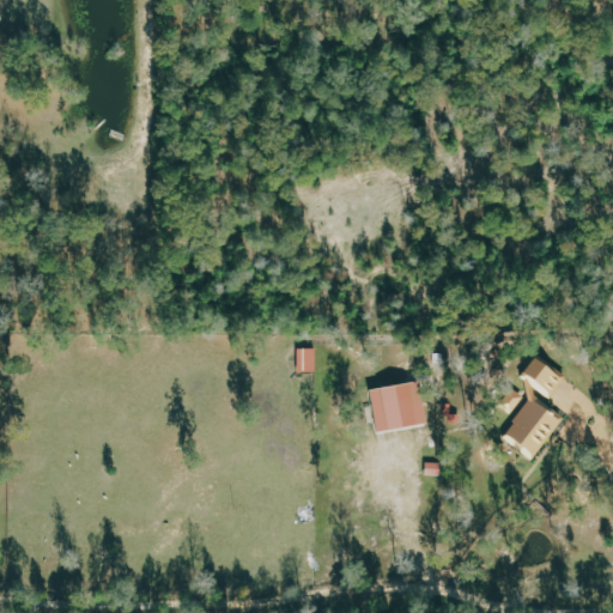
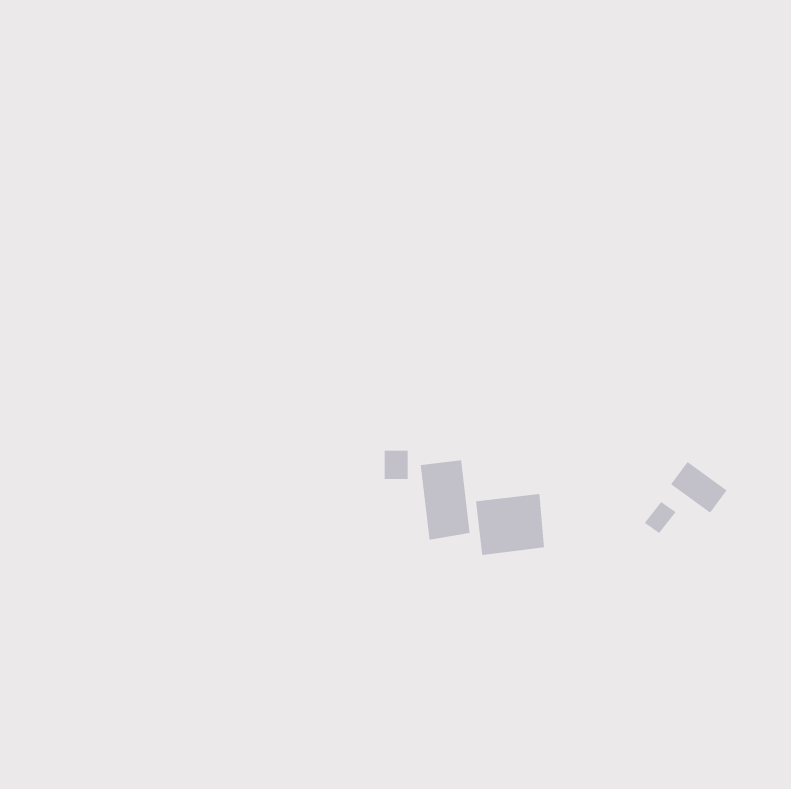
building: none -> [420,459,470,540]
building: [502,395,563,459] -> none

